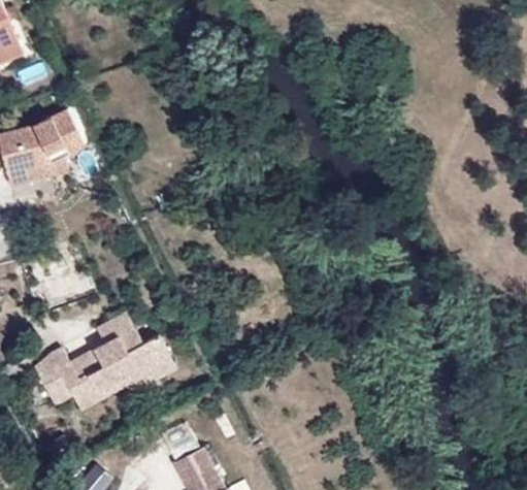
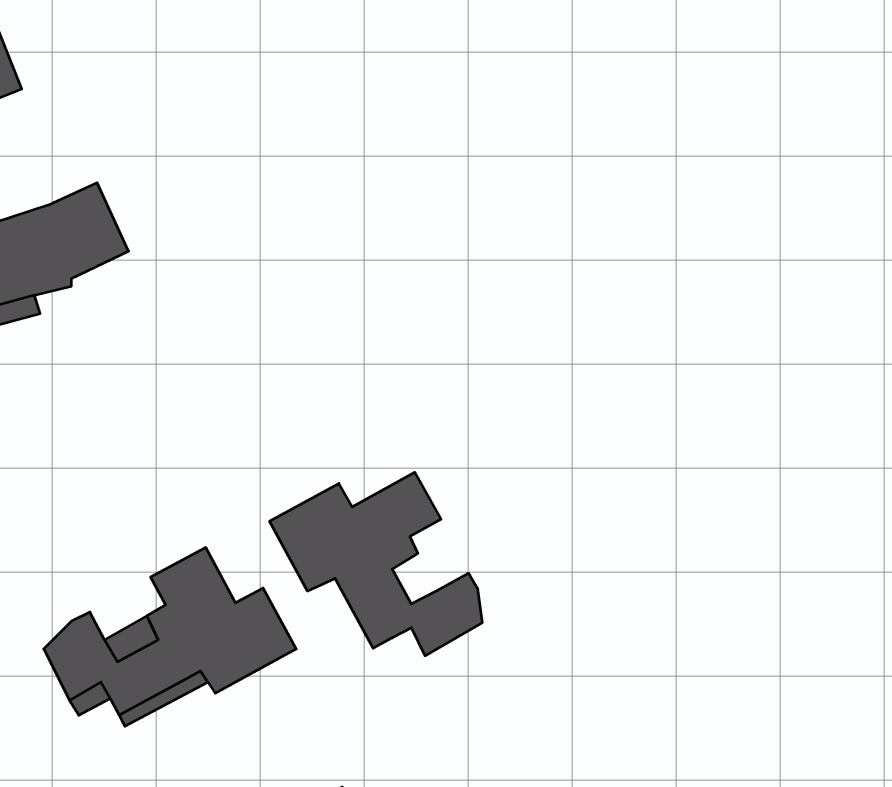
building: none -> [270,472,482,656]

